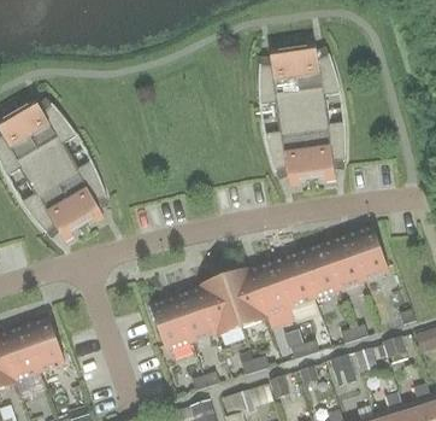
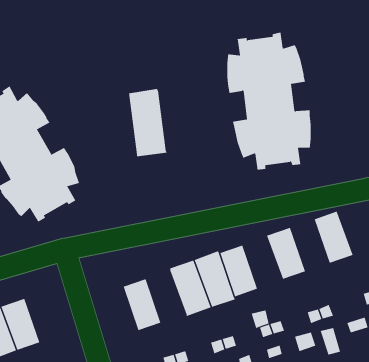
building: none -> [128,88,167,157]
building: [324,235,364,290] -> none
building: [275,252,316,308] -> none
building: [175,288,216,343] -> none

